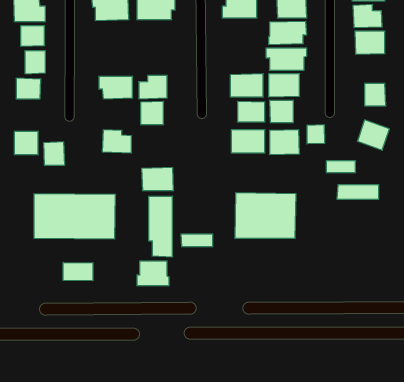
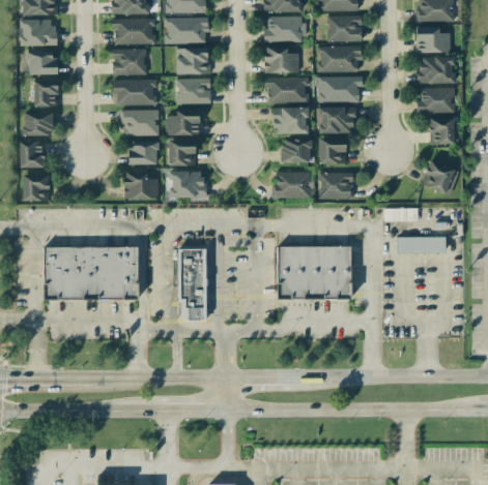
building: none -> [265,47,299,72]
building: none -> [176,48,210,74]
building: none -> [112,49,146,74]
building: none -> [267,77,308,102]
building: none -> [114,79,159,105]
building: none -> [176,79,211,104]
building: none -> [417,87,456,114]
building: none -> [130,141,159,164]
building: [307,125,325,144] -> none
building: [43,142,65,165] -> [20,141,45,168]
building: [142,168,174,191] -> [168,171,205,198]
building: [181,234,213,247] -> none
building: [137,261,169,286] -> none
building: [63,262,93,281] -> none

